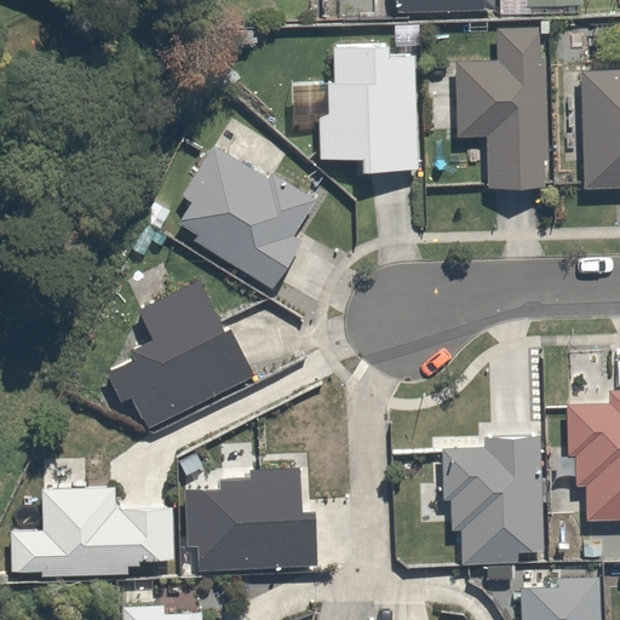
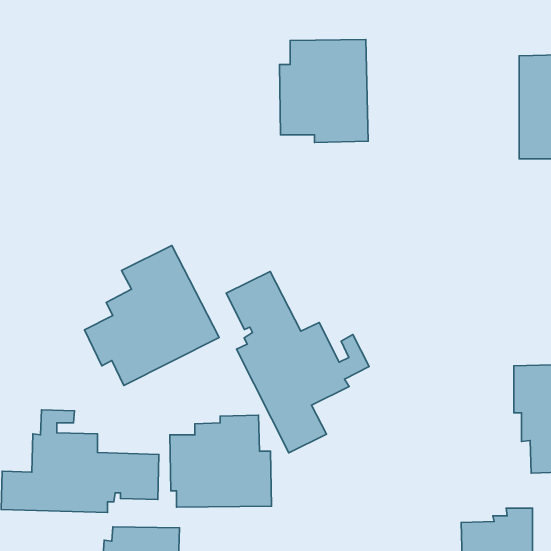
building: [458,27,549,186] -> none
building: [176,145,314,289] -> none
building: none -> [226,271,369,453]
building: [440,436,544,567] -> none

